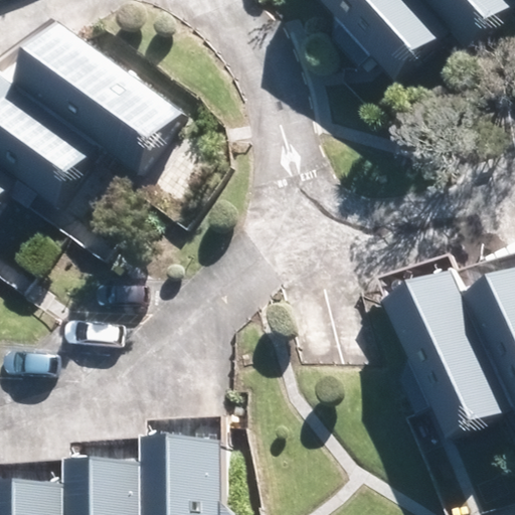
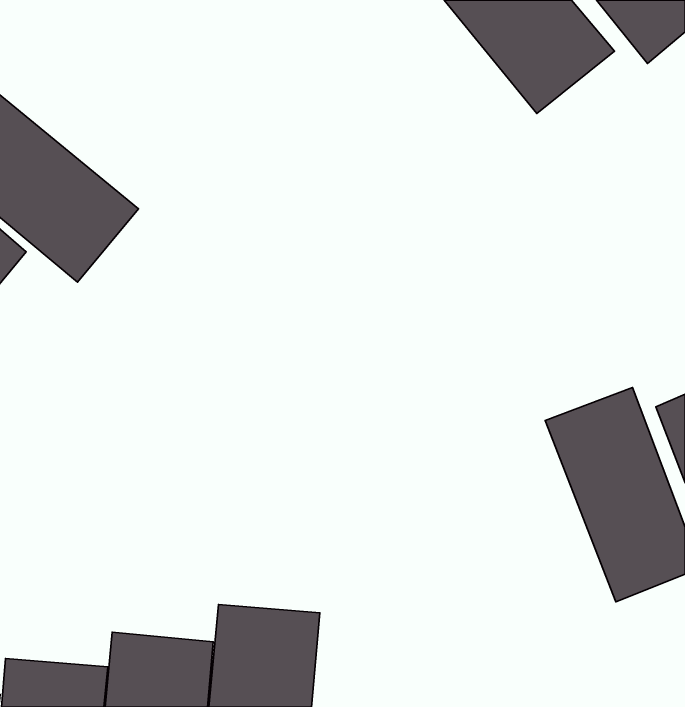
building: [33,28,187,173] -> none

